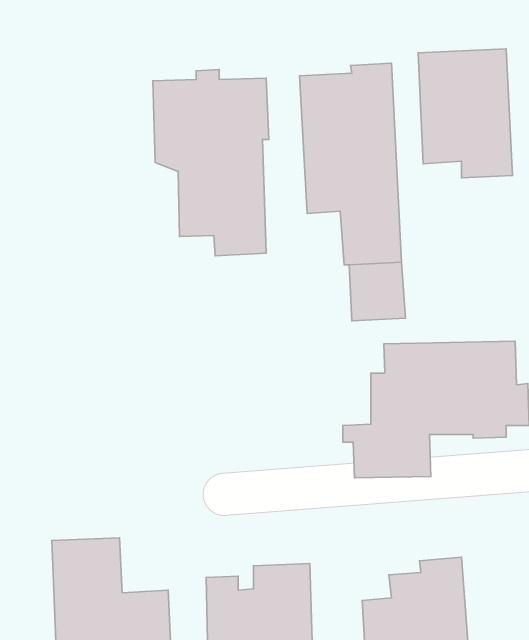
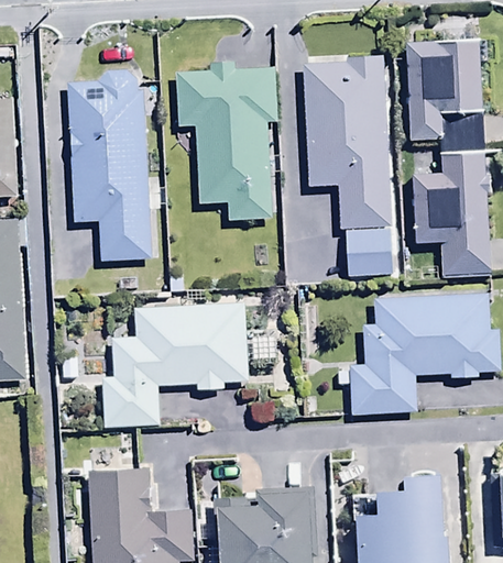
building: none -> [69,67,151,261]
building: none -> [411,152,492,275]
building: none -> [102,302,249,426]

